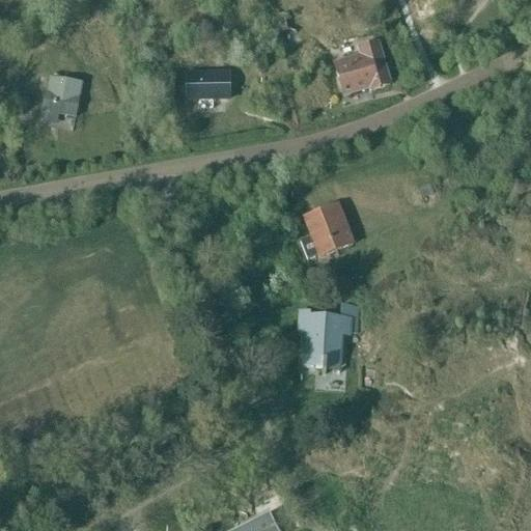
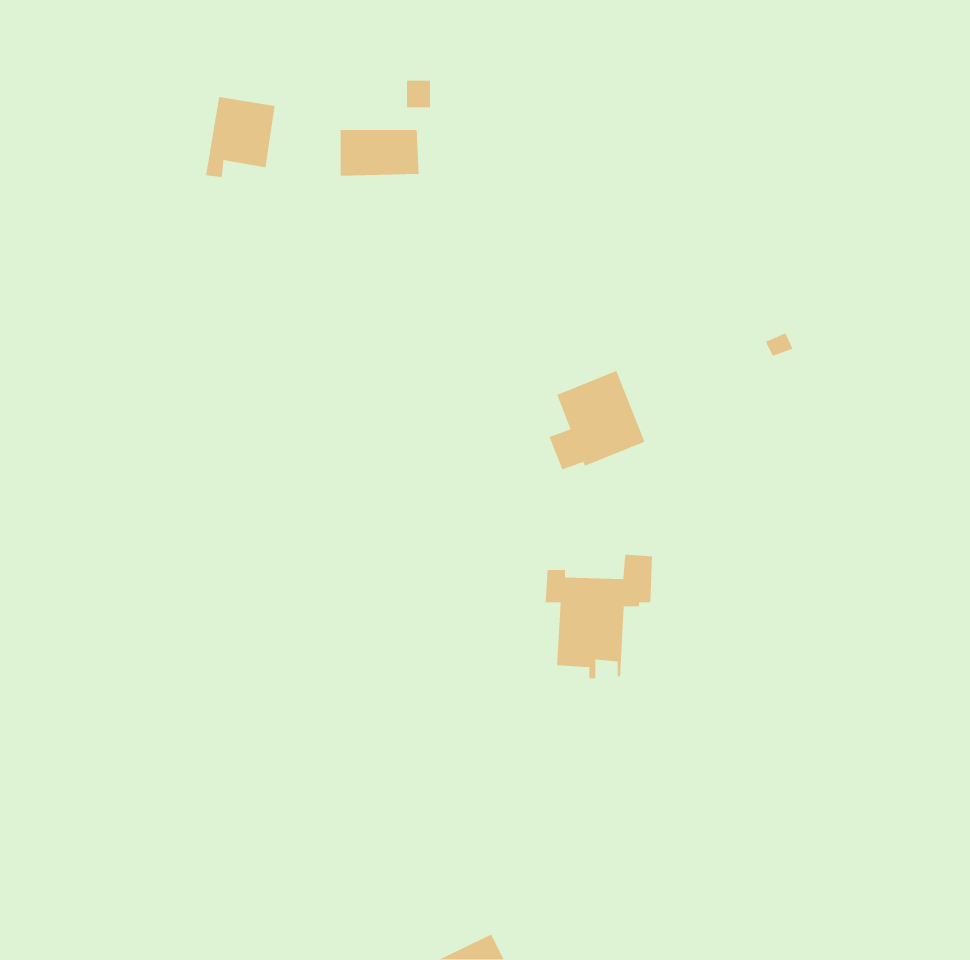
building: [335,39,389,92] -> none
building: [43,75,81,119] -> [205,96,276,178]

